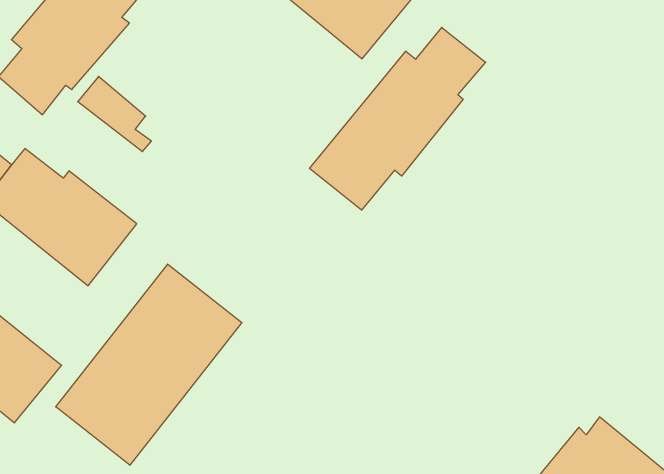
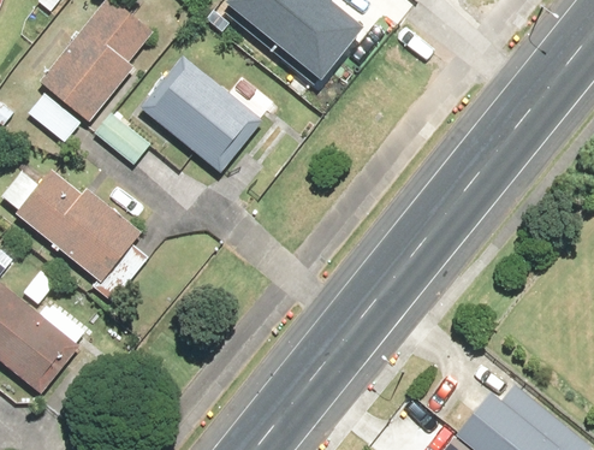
building: none -> [138,51,260,167]
building: [310,27,486,210] -> none
building: [56,264,242,465] -> none

